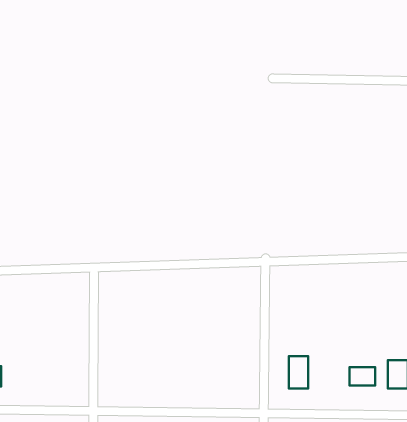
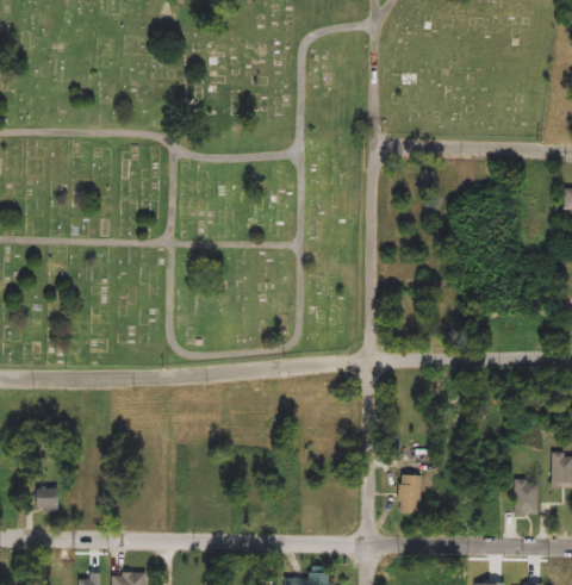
building: [350,367,375,385] -> none

